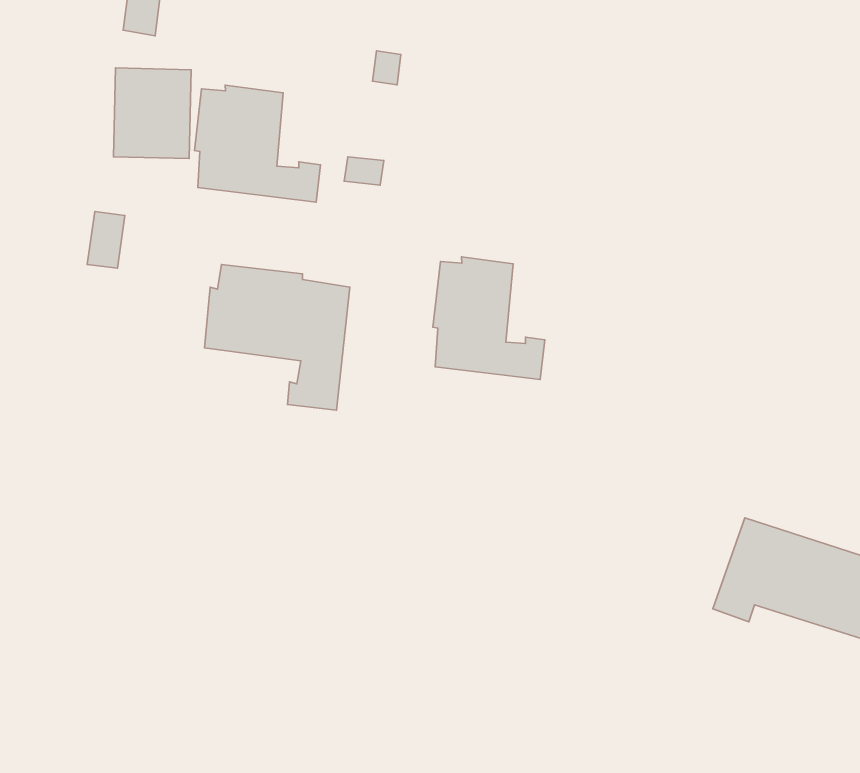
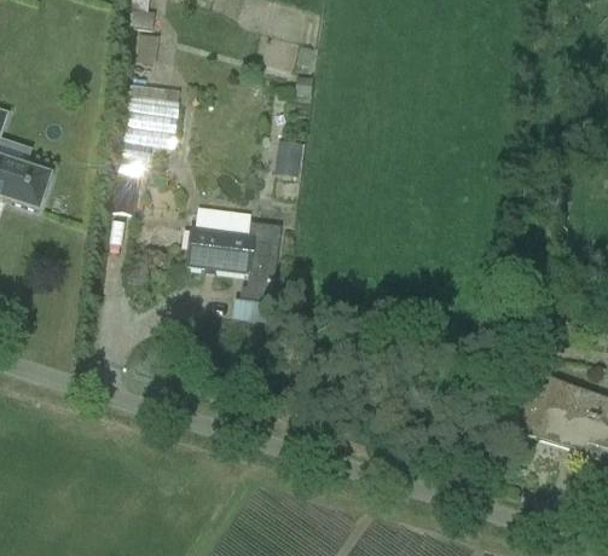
building: [194,85,320,202] -> none
building: [433,257,545,380] -> none

